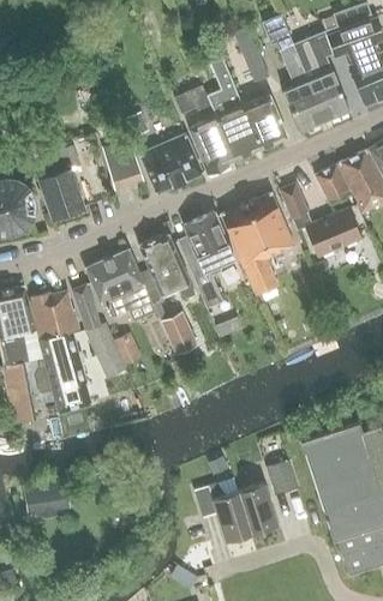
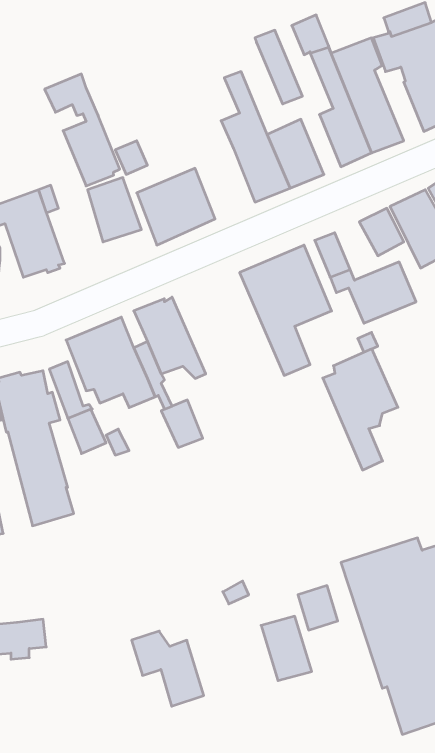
building: [174,85,233,173] -> [45,74,120,186]
building: [175,212,234,307] -> [323,349,398,470]
building: [195,483,251,542] -> [132,631,204,706]

